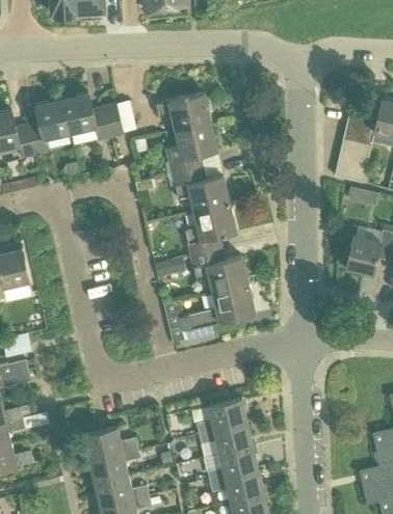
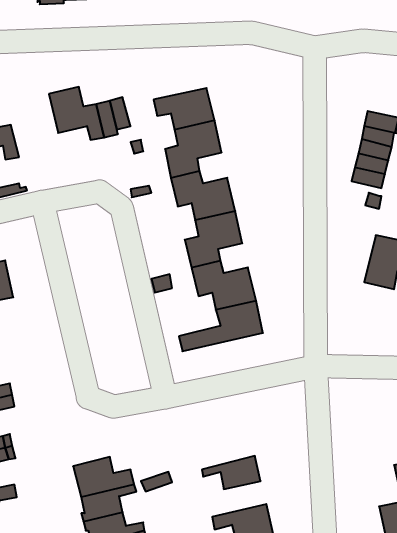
building: [27,99,70,156] -> none
building: [195,398,247,438] -> none
building: [207,449,258,481] -> none

